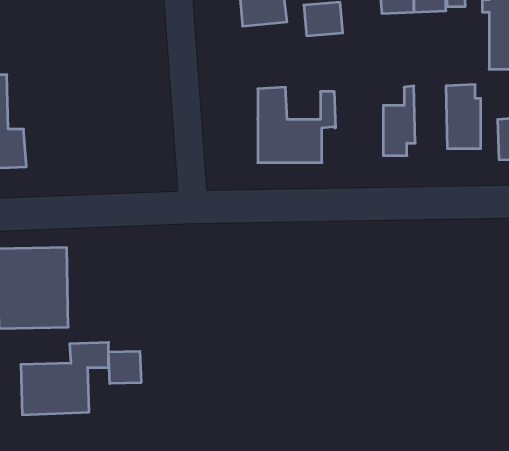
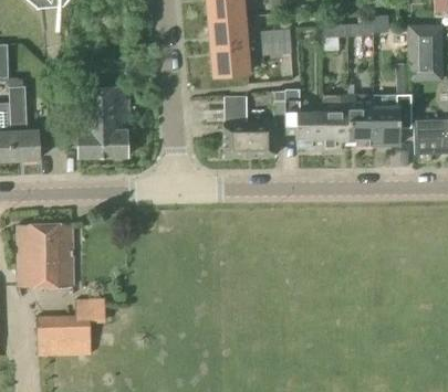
building: none -> [211,44,249,76]
building: none -> [76,85,131,157]
building: none -> [283,89,323,150]
building: none -> [347,95,374,145]
building: [109,351,141,384] -> none

